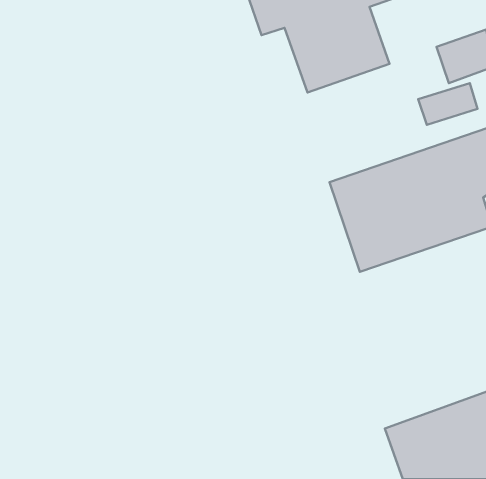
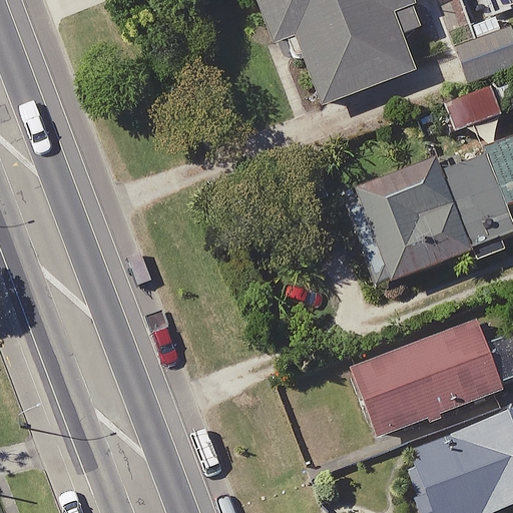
building: none -> [358,323,504,435]

